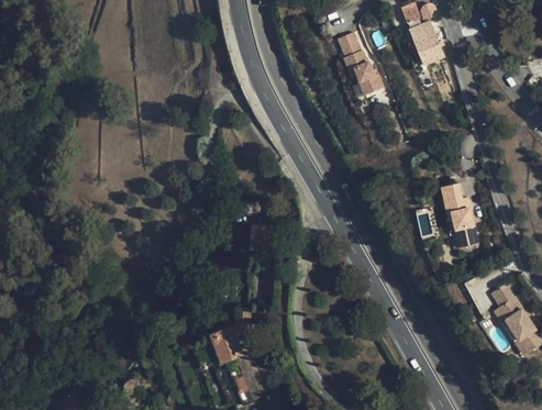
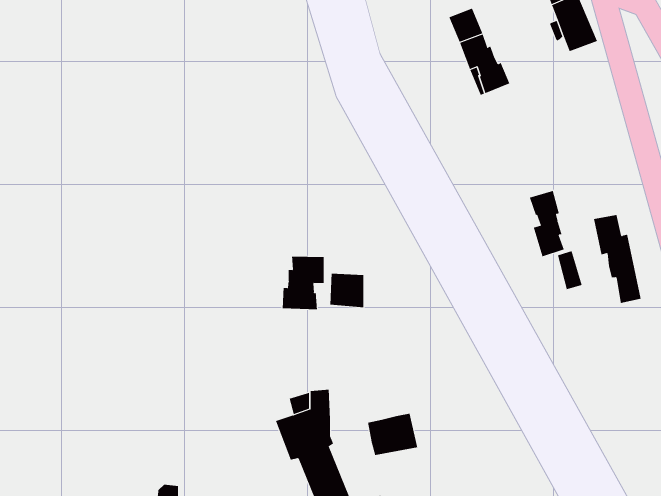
building: none -> [529,190,564,257]
building: none -> [282,256,324,310]
building: none -> [368,413,418,456]

